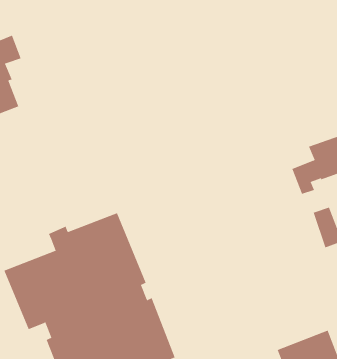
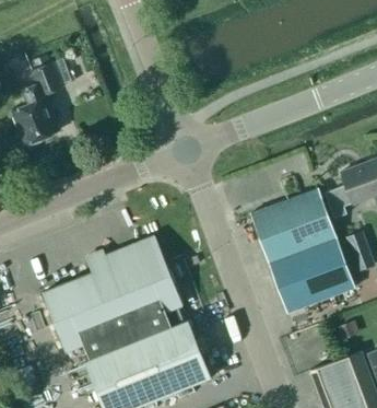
building: none -> [251,189,354,313]

